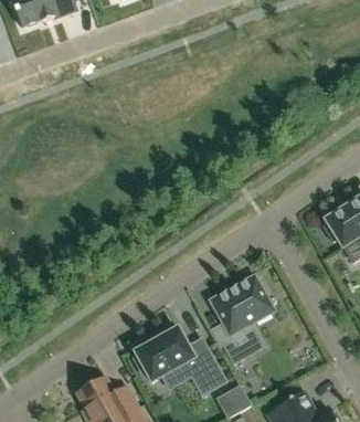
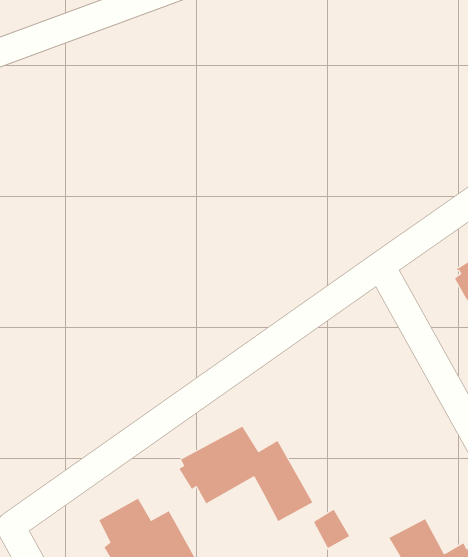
building: [210,274,275,362] -> none

